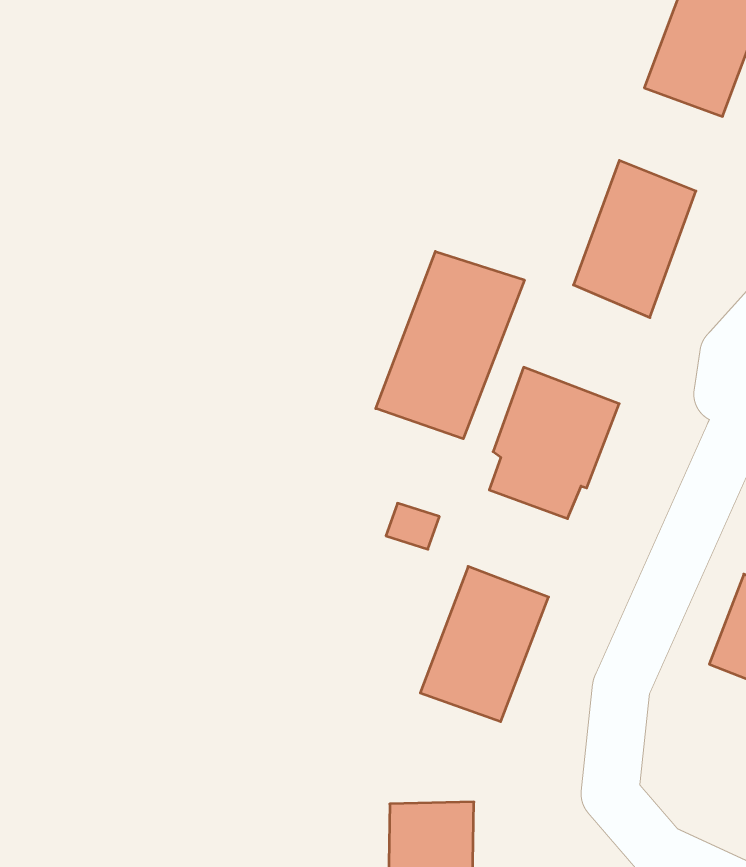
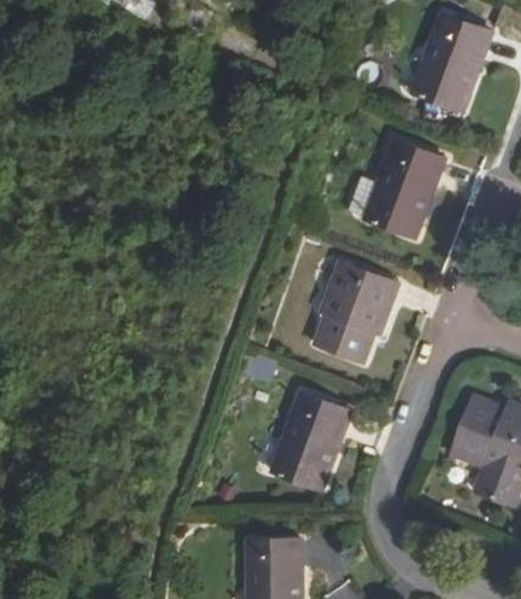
building: [376,251,524,439] -> none

